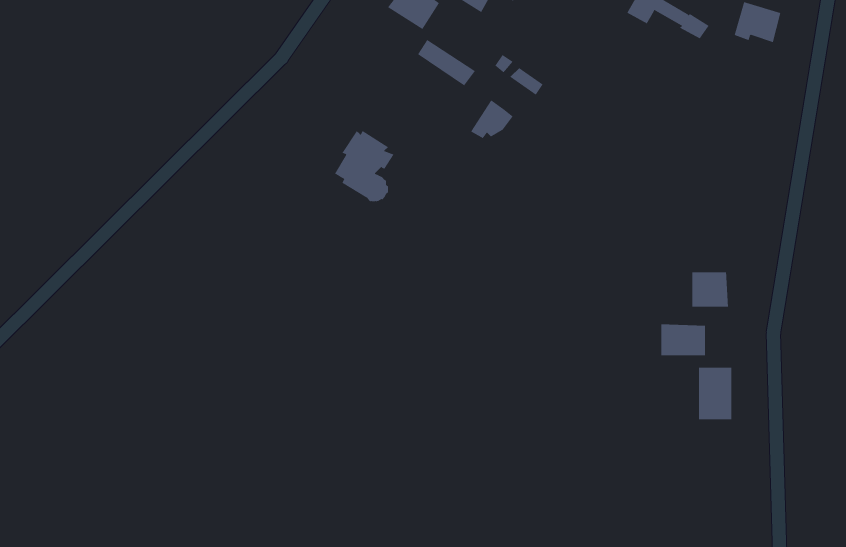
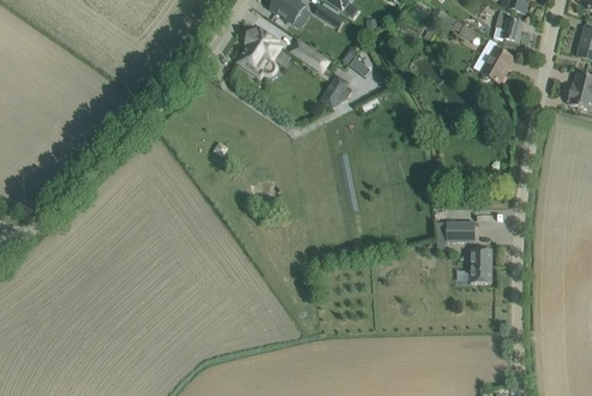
building: none -> [479,46,513,82]
building: [334,130,394,202] -> [241,29,280,74]
building: [692,272,728,308] -> none

